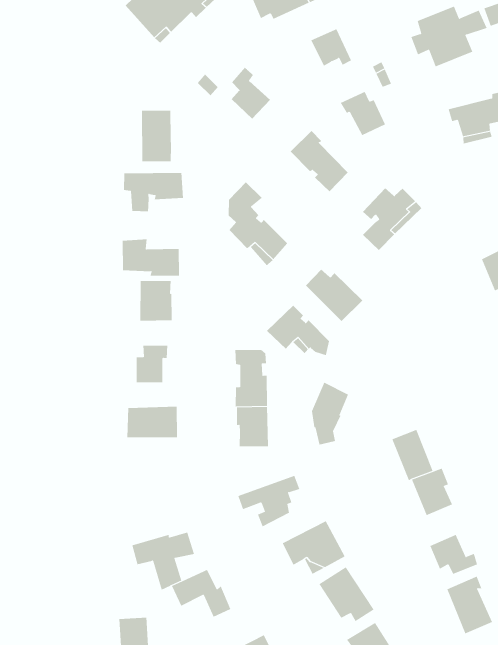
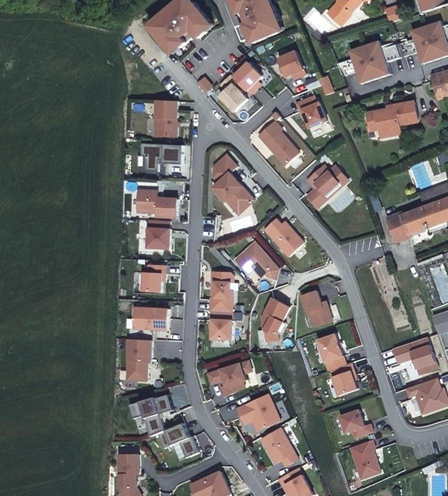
building: none -> [231,62,261,94]
building: none -> [300,291,331,326]
building: none -> [124,338,150,380]

